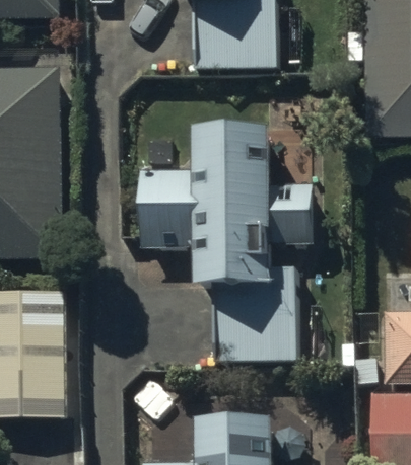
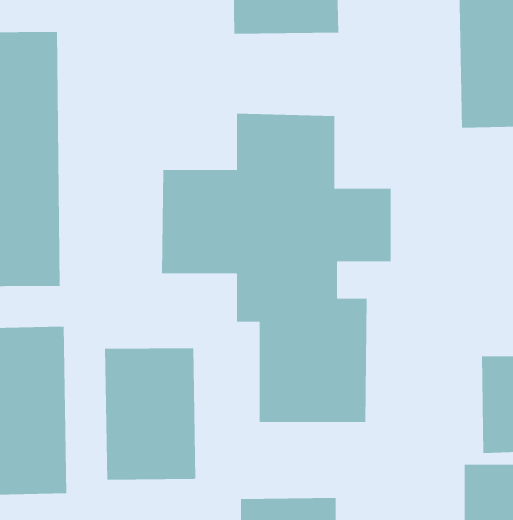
building: none -> [105,347,196,480]

